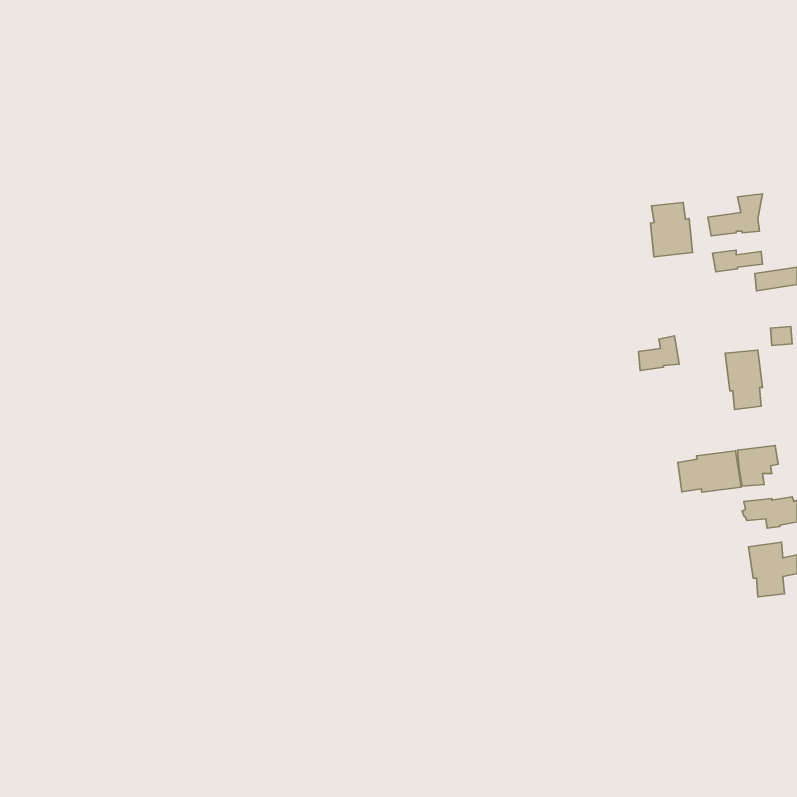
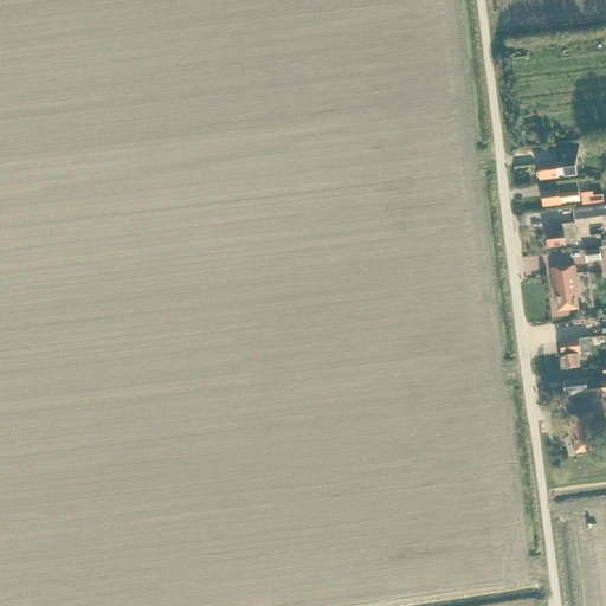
building: [651,203,693,257] -> none
building: [639,336,679,370] -> [546,221,576,247]
building: [678,451,741,492] -> none

